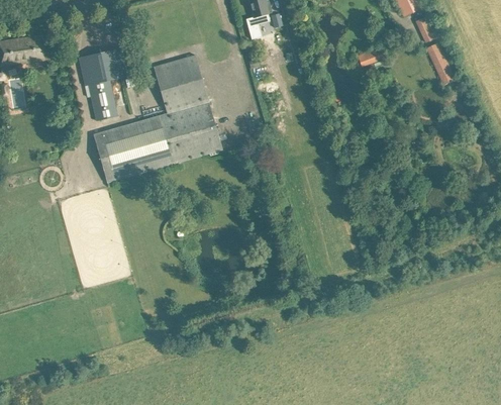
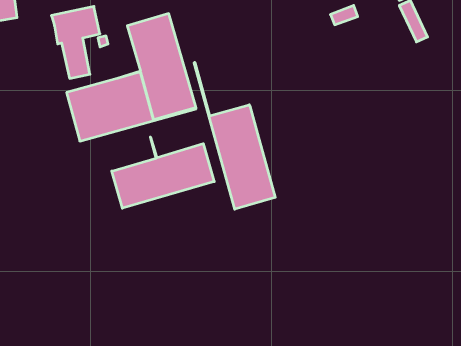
building: none -> [194,62,275,209]
building: none -> [112,137,214,208]

